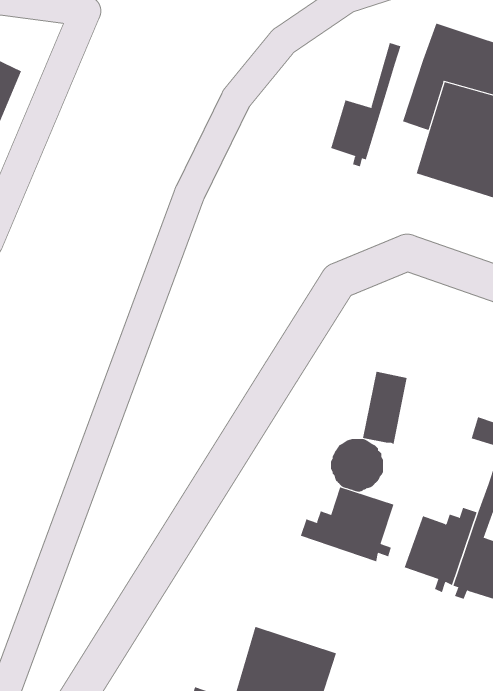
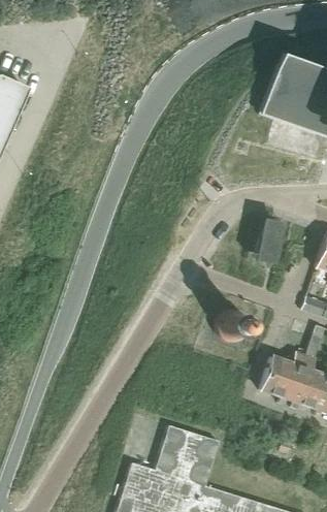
building: [331,42,401,167] -> none
building: [362,371,408,445] -> [257,220,285,265]
building: [300,487,394,562] -> none

